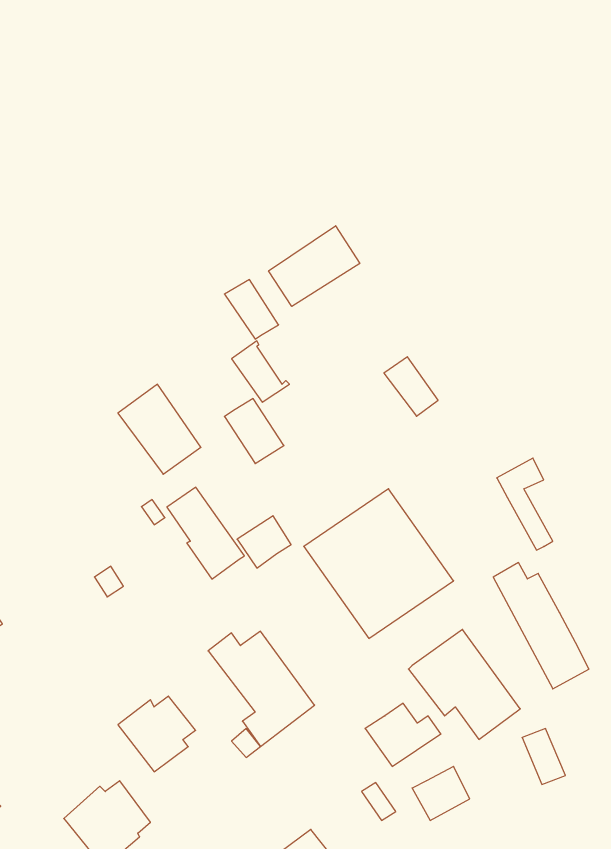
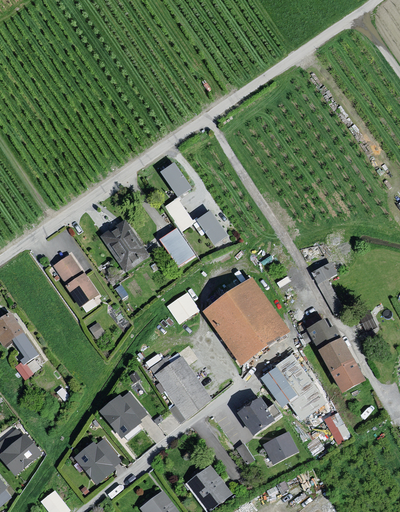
building: [269,226,360,306] -> none
building: [384,357,438,416] -> [196,210,226,243]
building: [167,487,244,579] -> [54,254,97,305]

